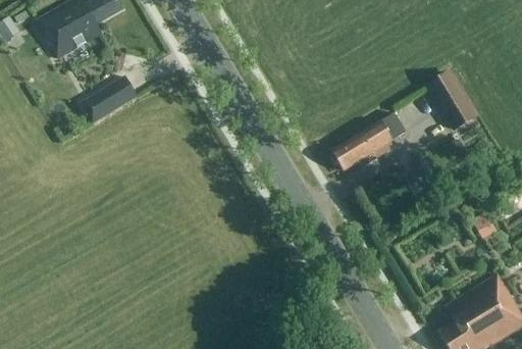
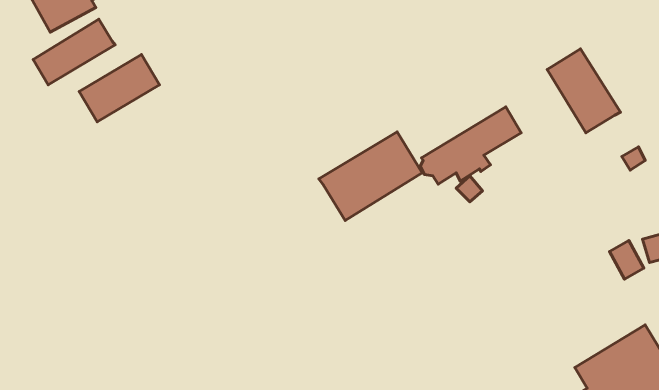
building: none -> [33,19,115,85]
building: none -> [319,132,422,221]

